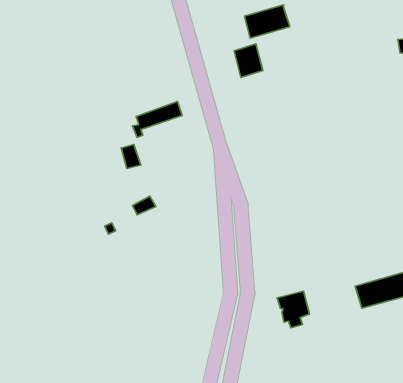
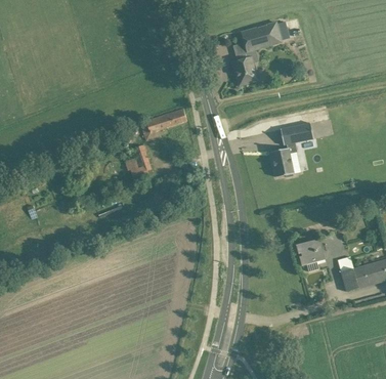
building: none -> [270,122,313,176]
building: [277,291,309,328] -> [296,238,325,270]

